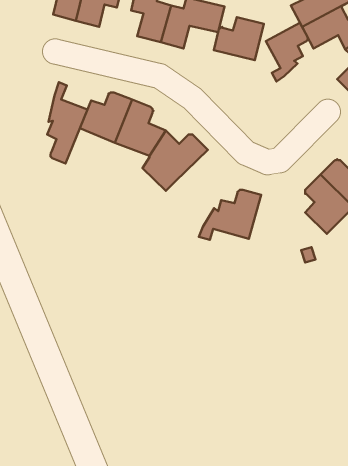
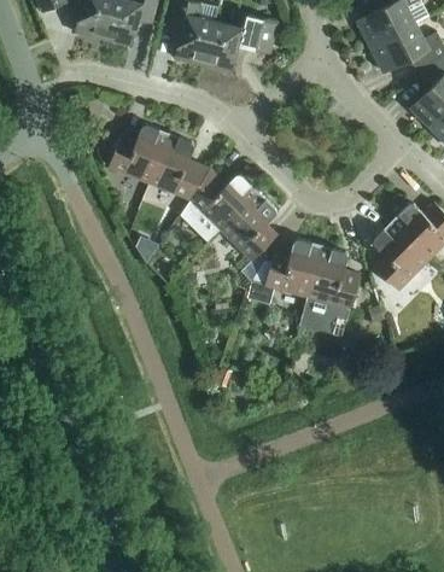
building: [214,17,264,60] -> none
building: [266,23,308,81] -> none
building: [47,82,87,164] -> none
building: none -> [220,192,276,282]
building: none -> [298,245,360,335]

